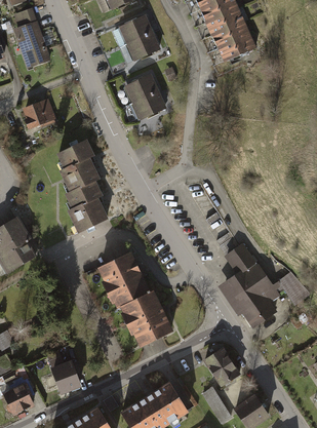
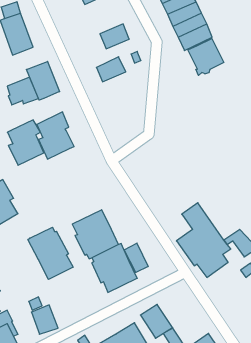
building: [121,18,156,47] -> none
building: none -> [188,39,224,75]
building: none -> [26,61,60,100]
building: [132,91,167,120] -> none
building: [65,180,107,232] -> [7,120,44,165]
building: none -> [28,227,73,279]
building: none -> [124,243,148,272]
building: [204,347,241,386] -> [140,304,172,338]

